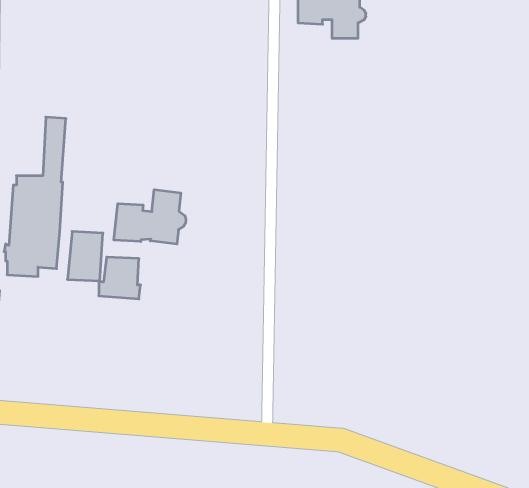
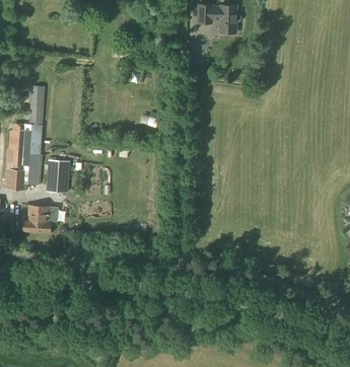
building: [114,190,186,244] -> none
building: [99,257,141,299] -> [23,205,51,232]

